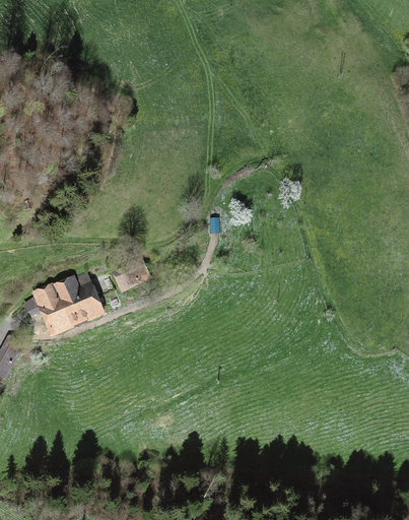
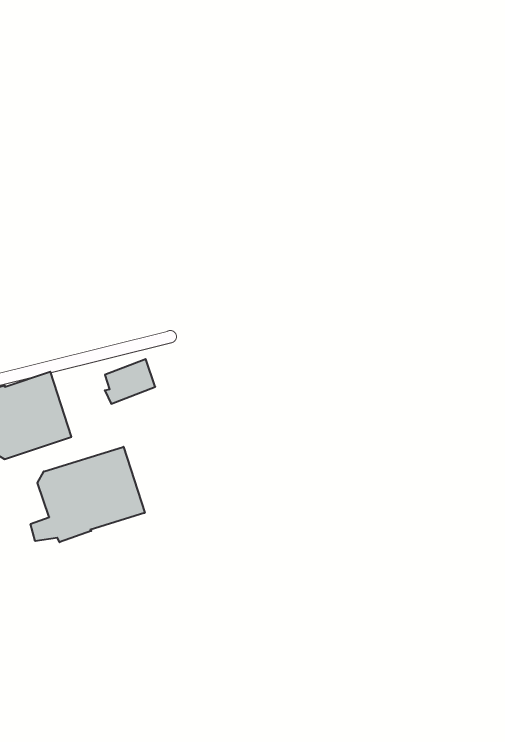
building: none -> [31,447,145,542]

